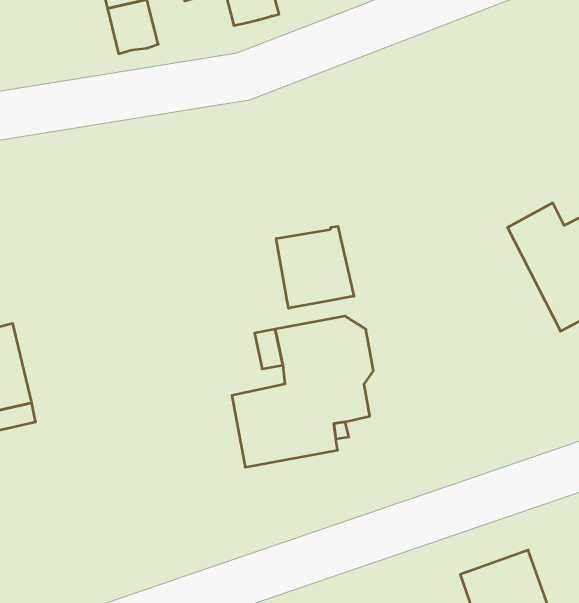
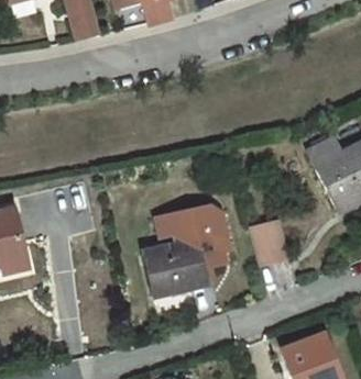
building: [276,226,354,308] -> none
building: none -> [249,215,285,257]

